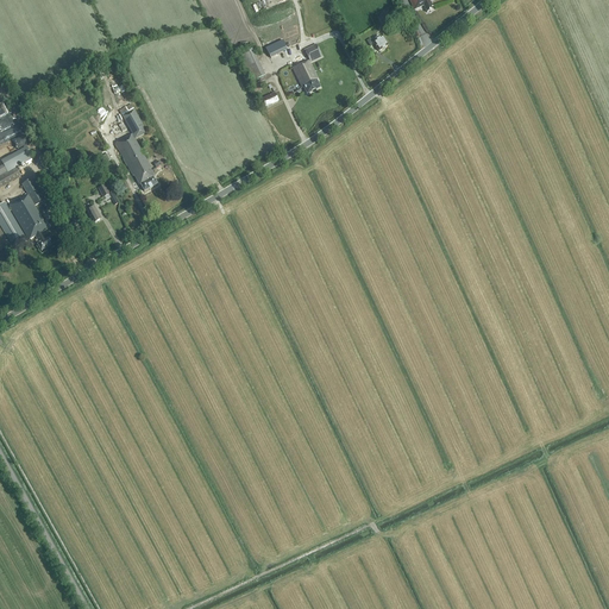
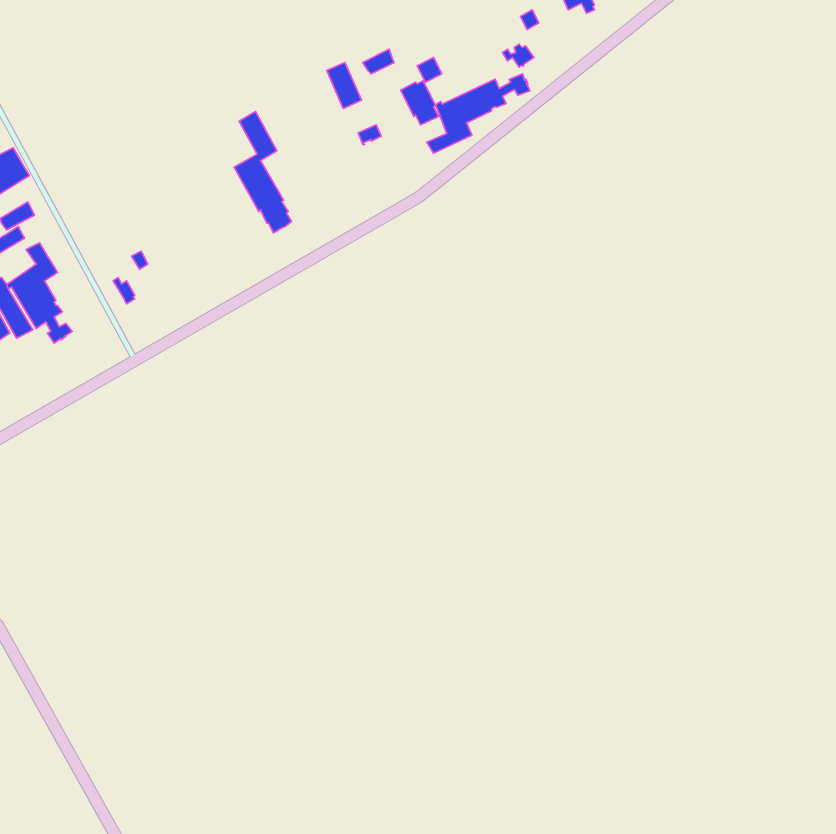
building: none -> [427,74,530,153]
building: [113,101,155,189] -> [234,111,292,233]

